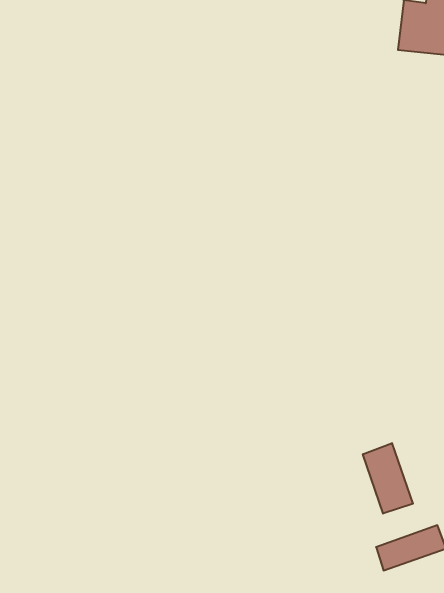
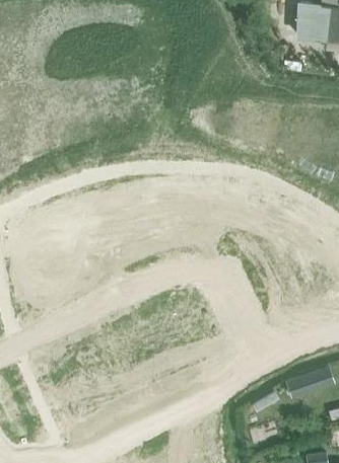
building: [363,443,413,514] -> none

